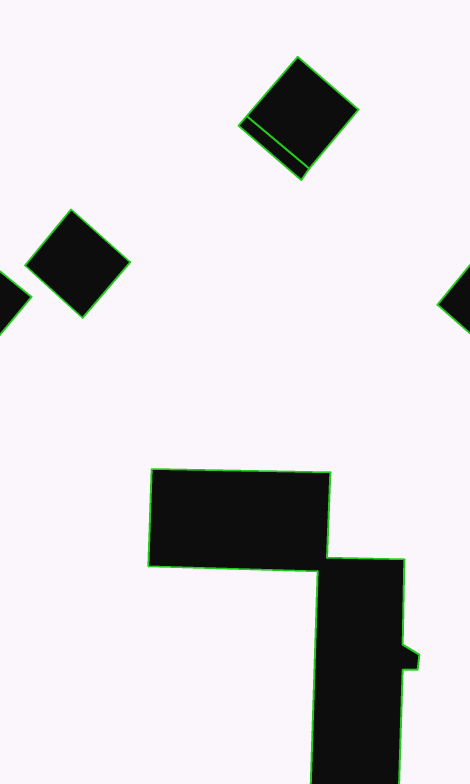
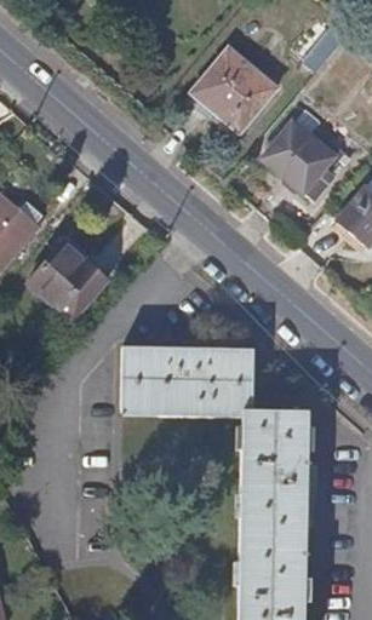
building: none -> [263,121,331,197]
building: [25,210,130,318] -> [27,240,104,320]

